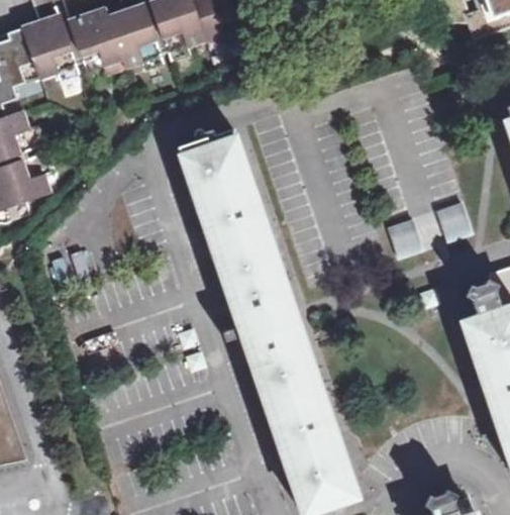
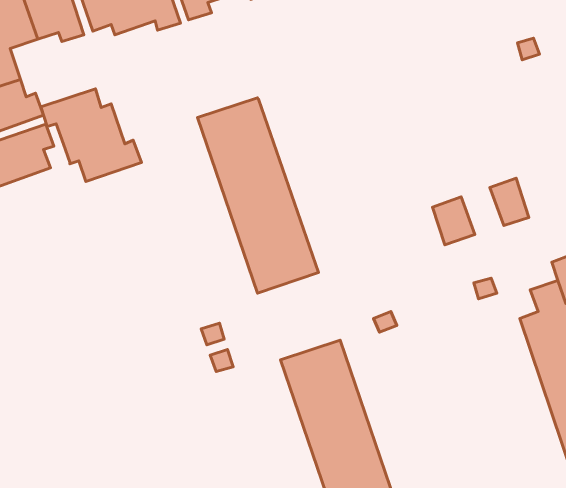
building: none -> [41,89,142,181]
building: [231,282,304,359] -> none

